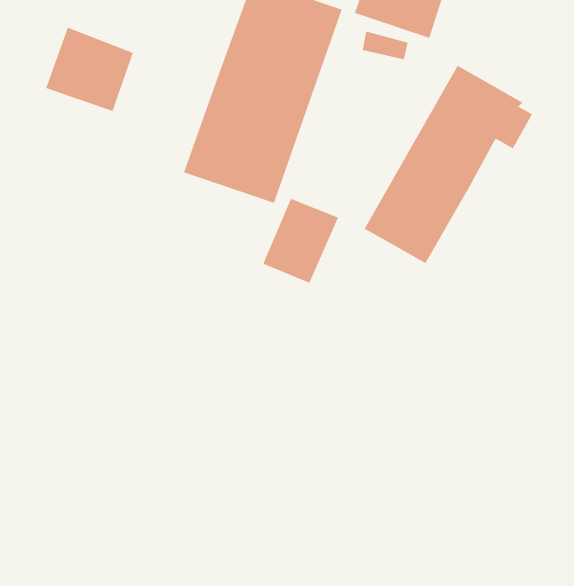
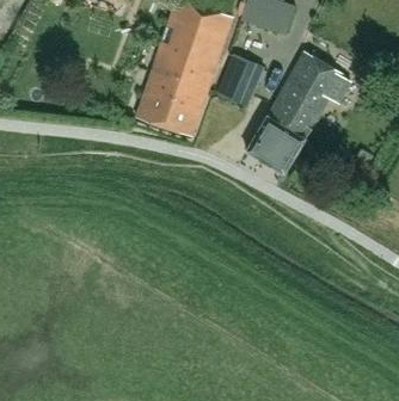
building: [45,27,134,112] -> none
building: [263,198,339,283] -> [217,54,264,106]

